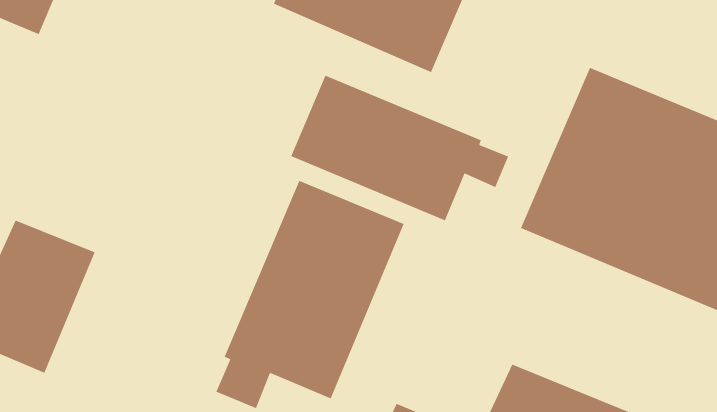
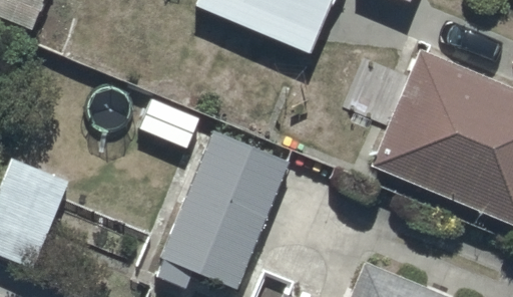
building: [290,75,509,221] -> none

